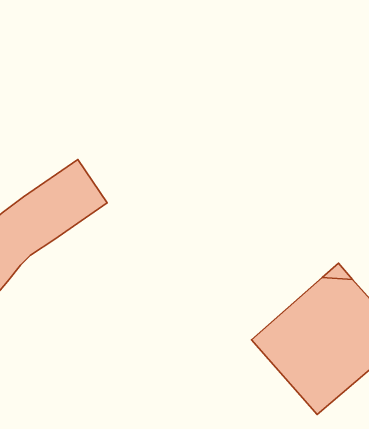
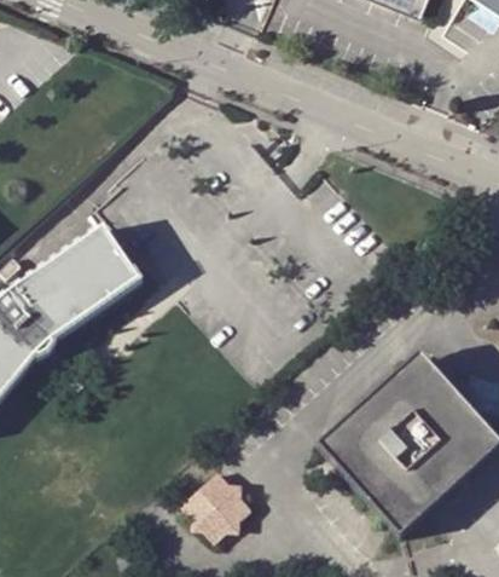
building: none -> [178,471,245,536]

